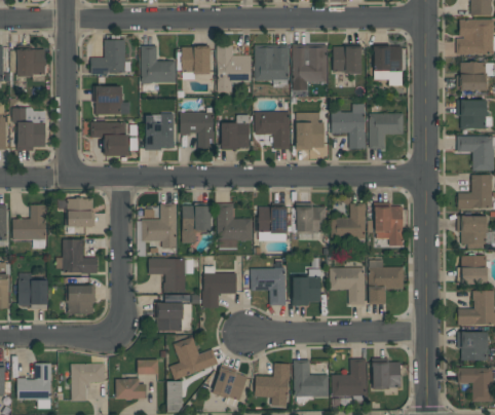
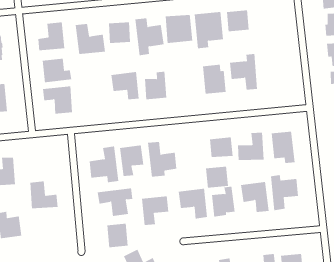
building: [374,46,403,86] -> none
building: [255,112,290,150] -> none
building: [369,113,404,149] -> none
building: [145,114,175,150] -> none
building: [67,198,93,227] -> none
building: [259,208,287,233] -> [205,166,229,188]
building: [67,286,94,315] -> none

